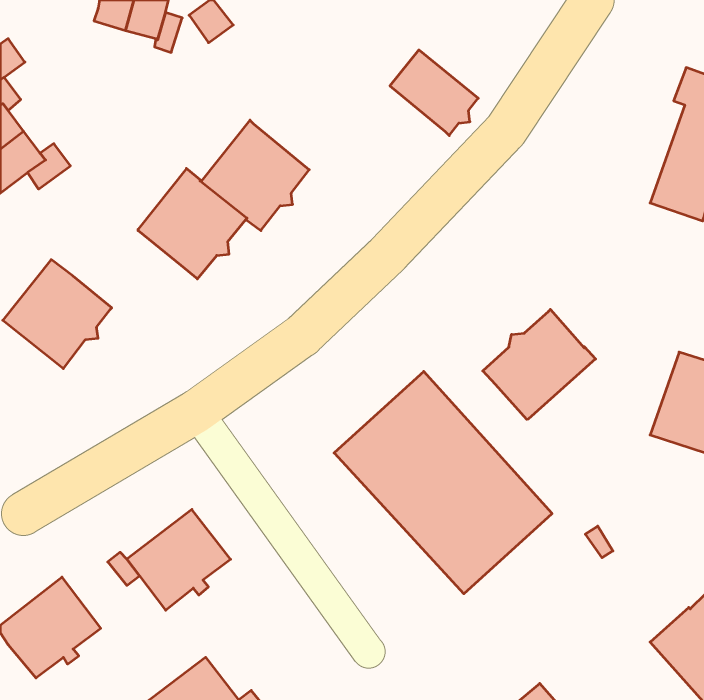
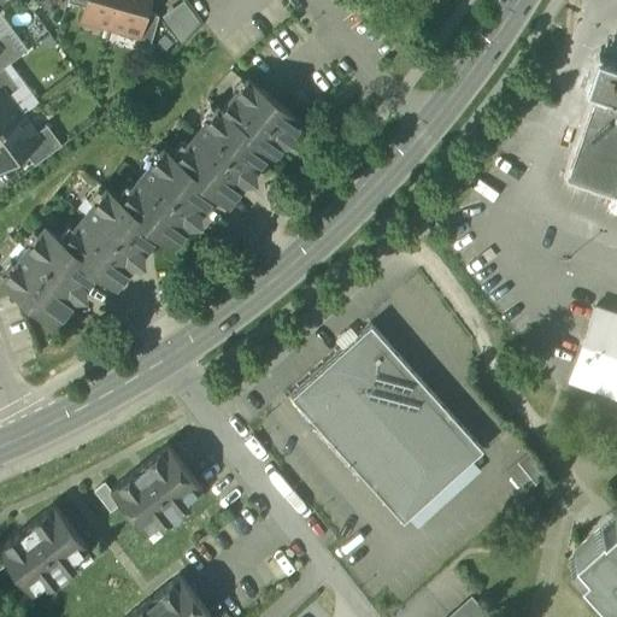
building: [390,50,478,136] -> [223,82,300,157]
building: none -> [65,193,159,289]
building: [483,309,596,419] -> none

